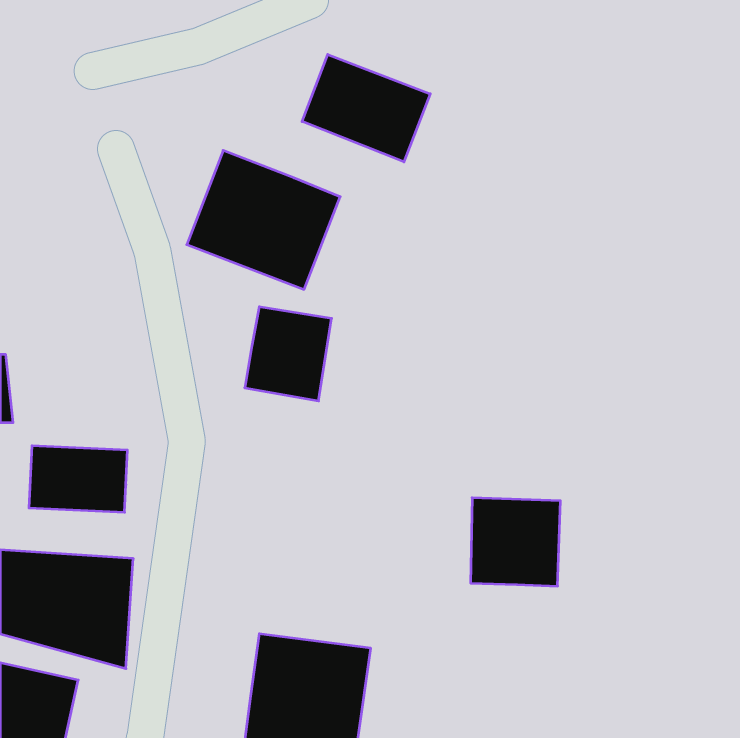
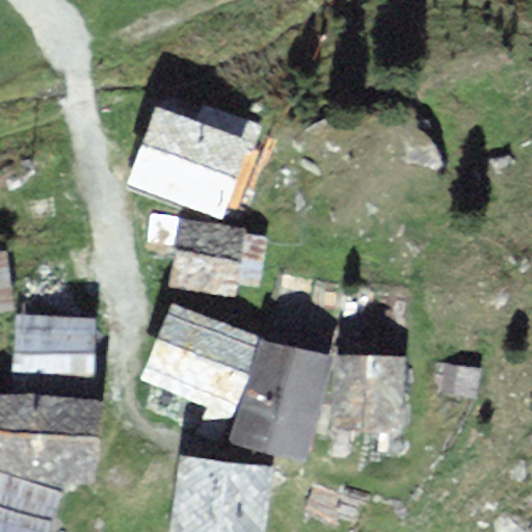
building: [302,54,430,162] -> none
building: none -> [149,308,254,403]
building: none -> [240,342,325,451]

